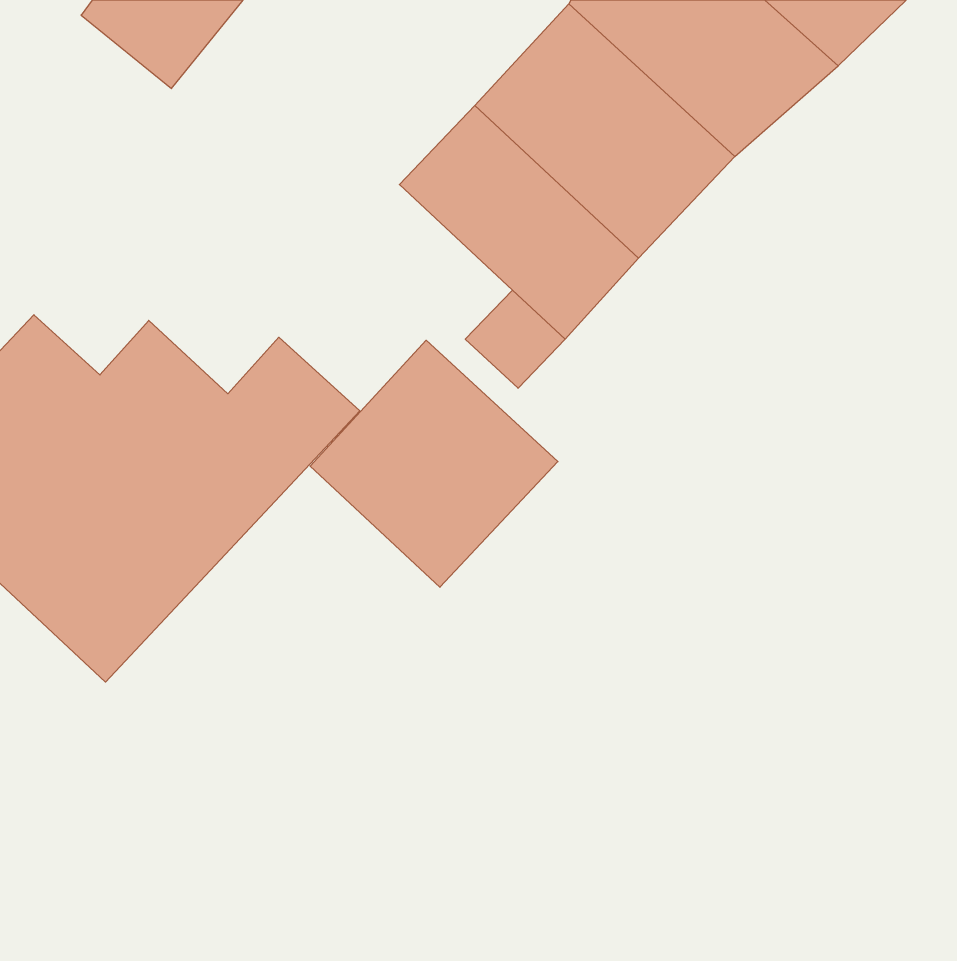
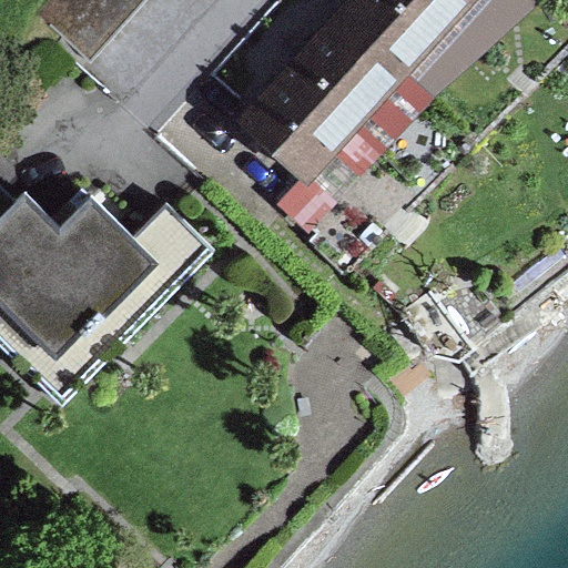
building: [310,340,558,587] -> none

